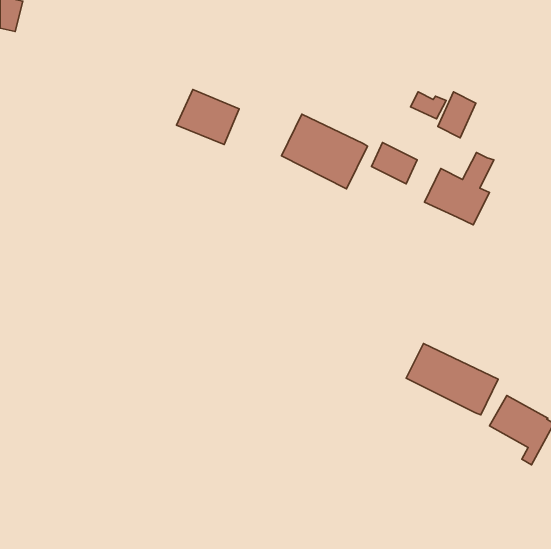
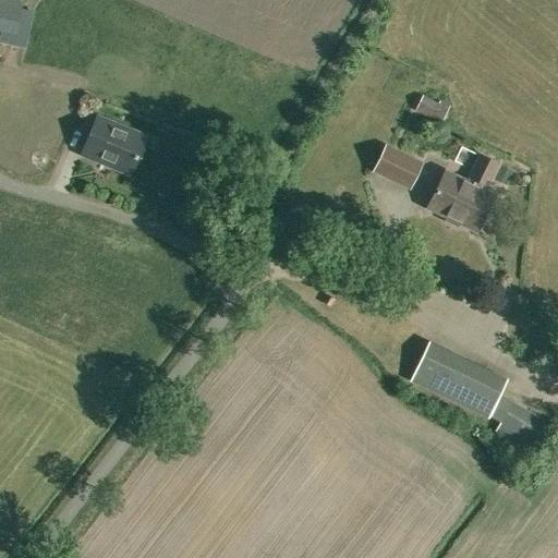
building: [177,89,239,145] -> [83,114,146,170]
building: [438,92,476,138] -> none
building: [282,114,368,189] -> none

